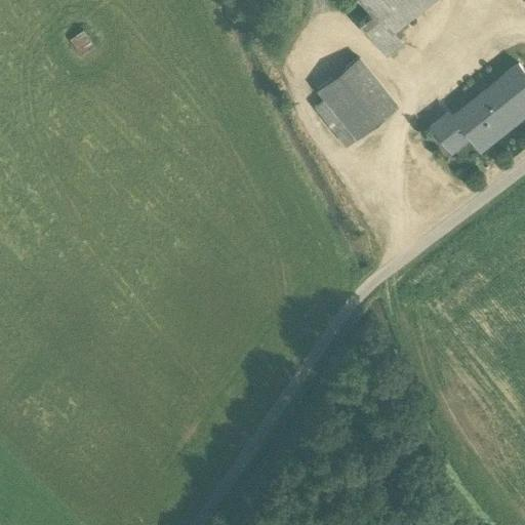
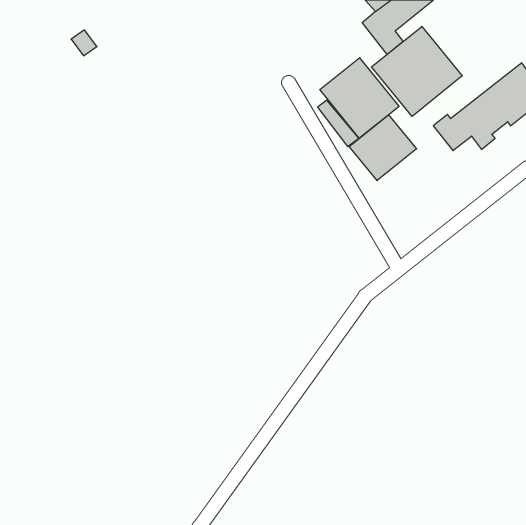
building: none -> [372,26,462,116]
building: none -> [349,115,417,181]

